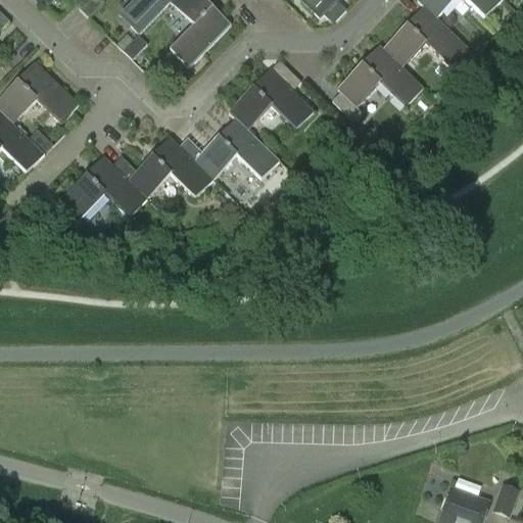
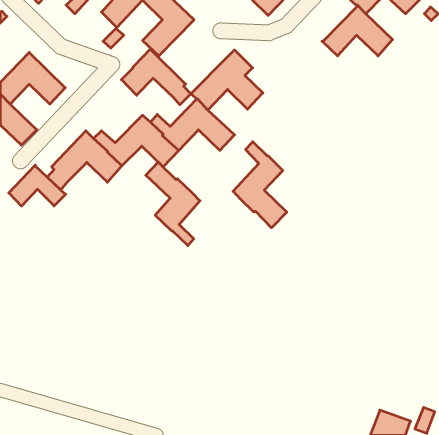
building: [332,44,423,122] -> none
building: none -> [121,49,191,105]
building: none -> [233,142,287,228]
building: none -> [146,162,200,246]
building: none -> [9,165,66,206]

